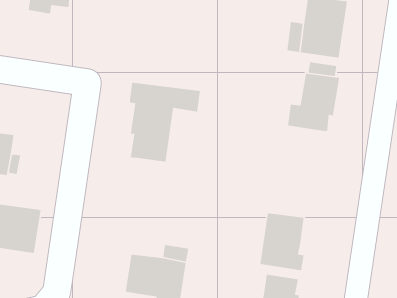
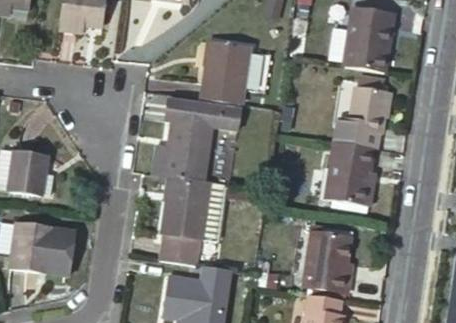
building: none -> [202,38,251,101]
building: none -> [324,141,372,206]
building: none -> [164,175,217,264]

